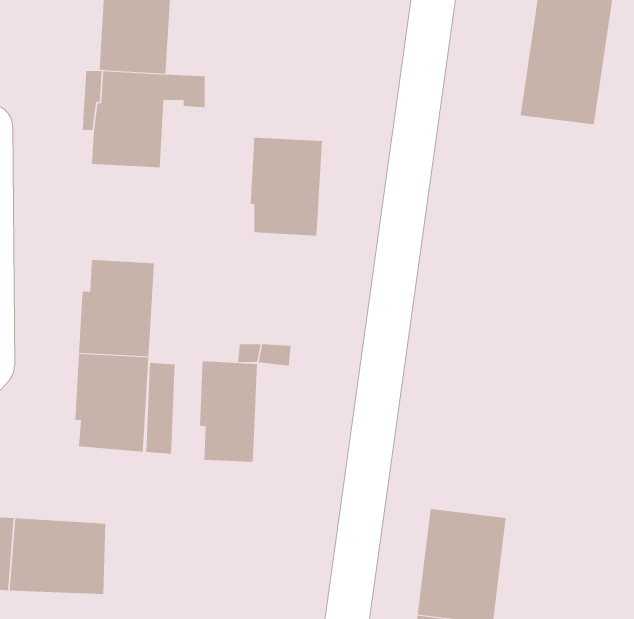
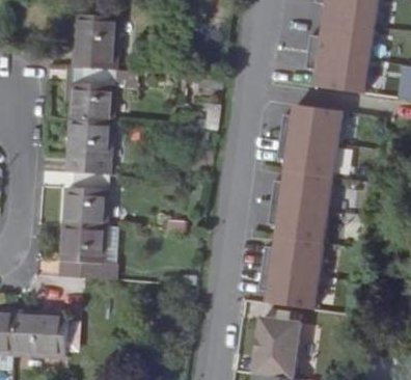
building: [250,137,323,236] -> [70,117,110,172]
building: none -> [269,108,331,304]
building: [200,361,257,463] -> none

